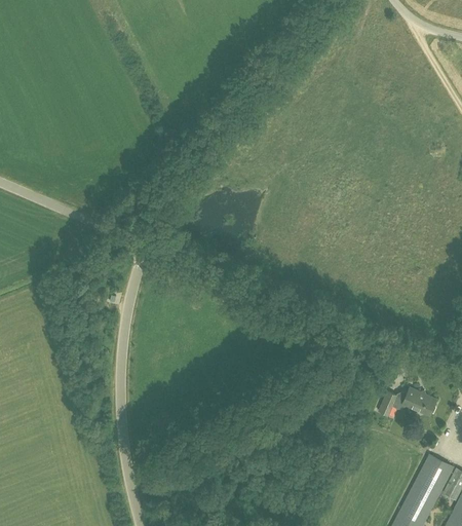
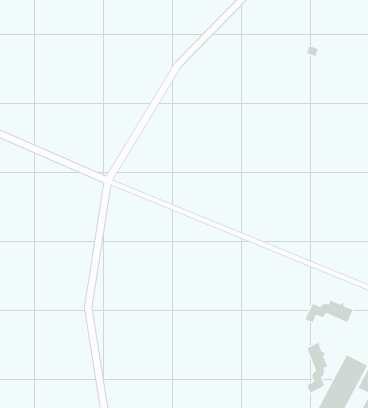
building: none -> [307,342,328,394]

